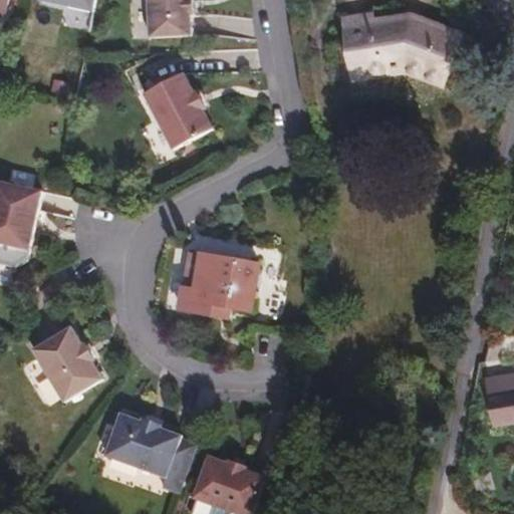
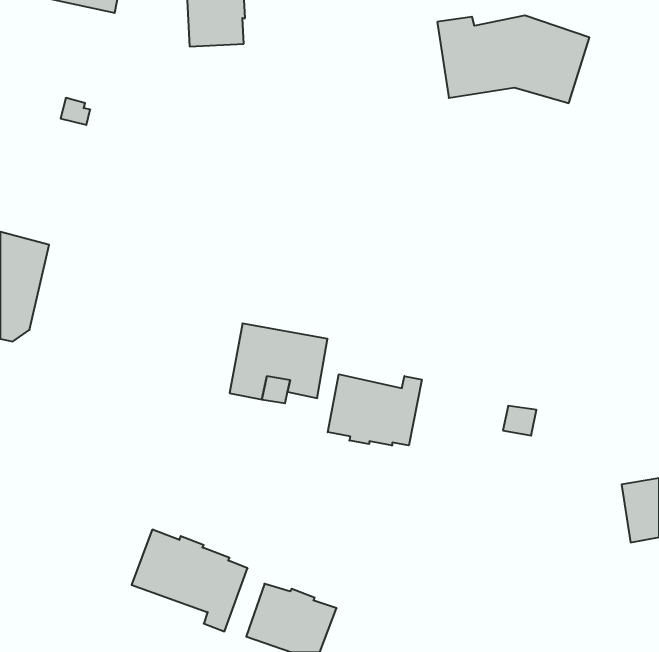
building: [144,70,212,146] -> none
building: none -> [328,374,422,446]
building: [31,325,101,400] -> none

